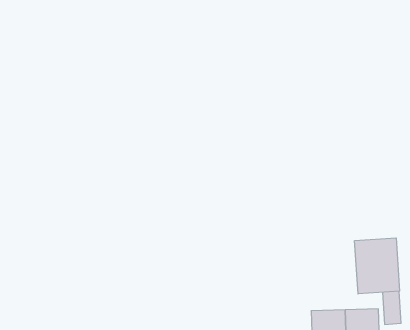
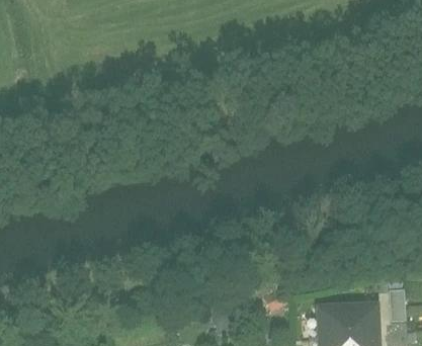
building: [355,238,399,294] -> none

